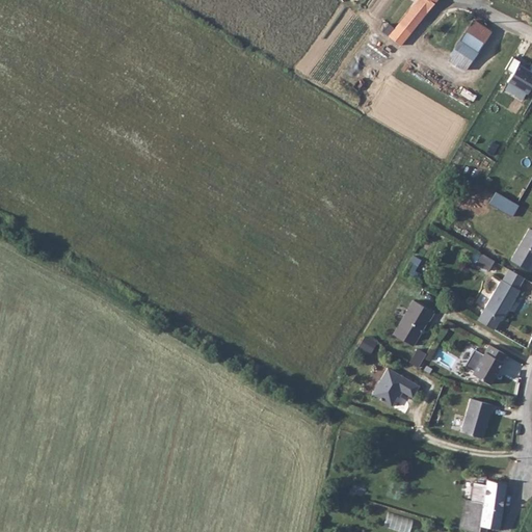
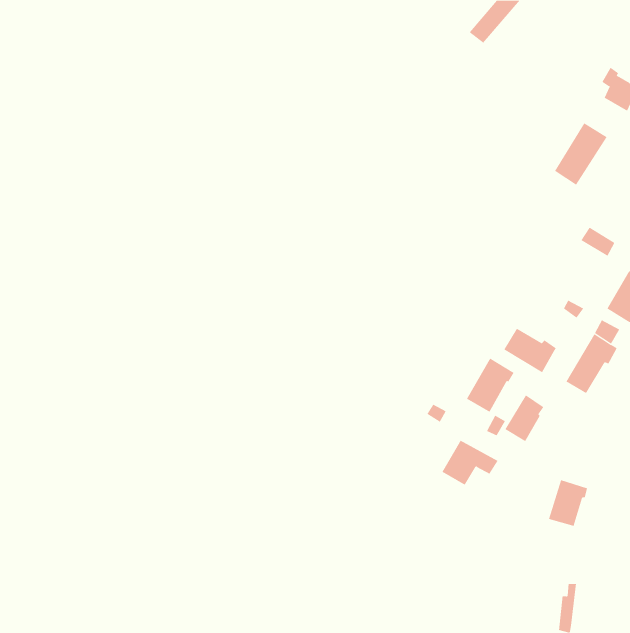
building: [448,18,493,71] -> [554,122,608,186]
building: none -> [503,328,557,373]
building: [474,346,507,385] -> [504,395,544,442]
building: [482,478,505,526] -> none

